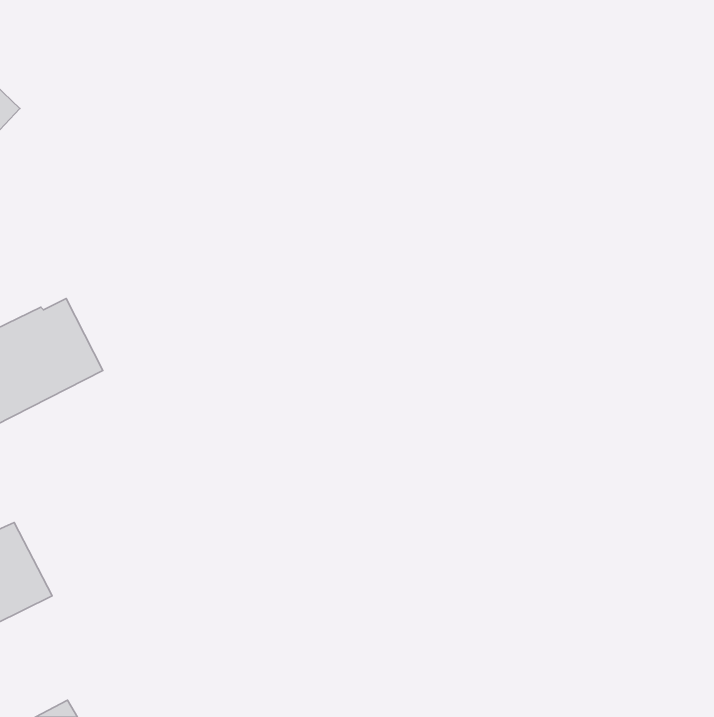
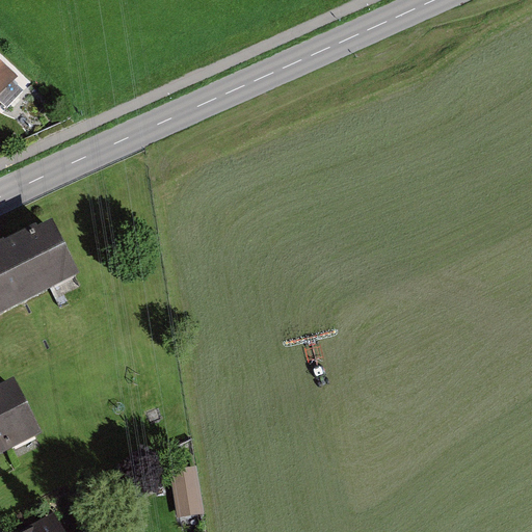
building: none -> [172,463,202,514]

